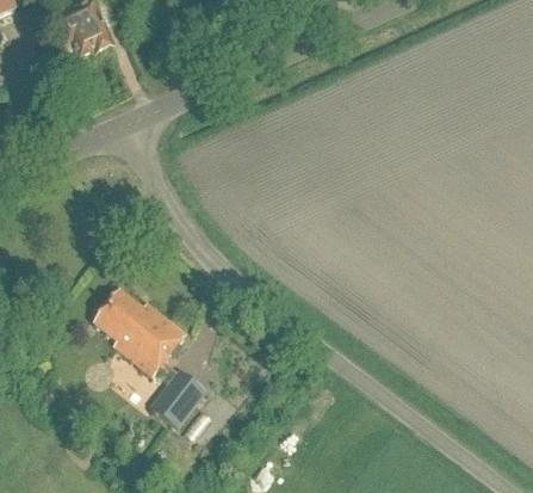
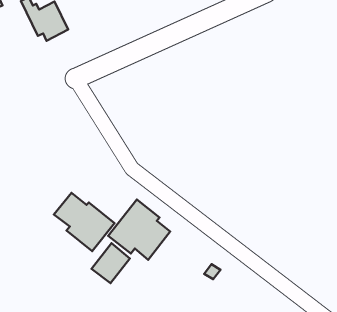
building: none -> [108,200,170,260]

